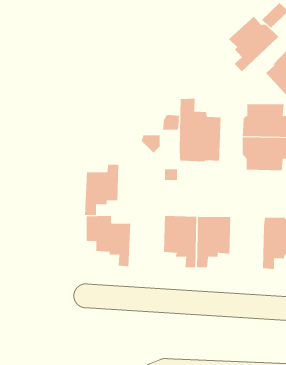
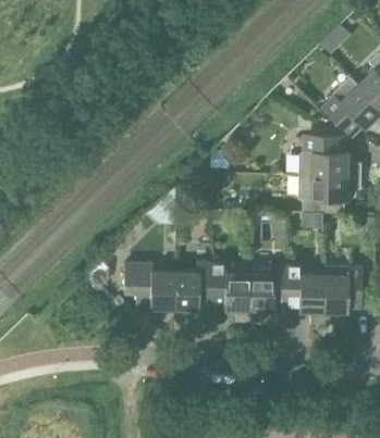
building: [228,16,279,72] -> none
building: [179,98,221,162] -> none
building: [84,164,119,215] -> [172,263,211,321]
building: none -> [285,265,322,323]

